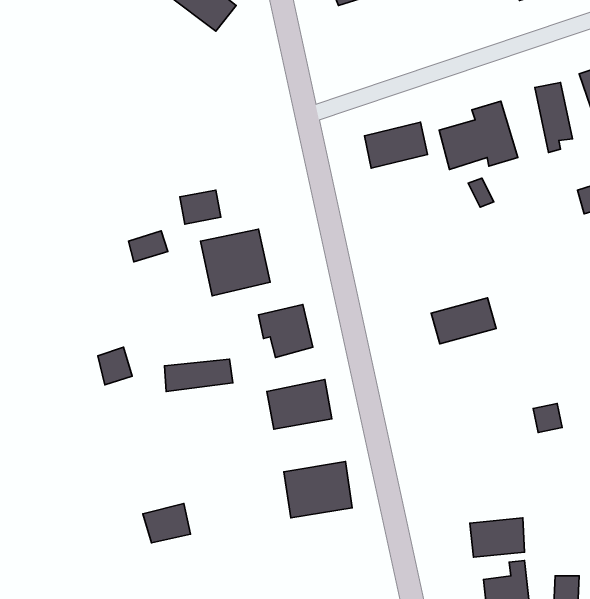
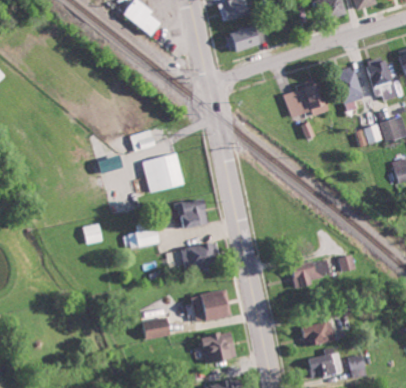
building: [364,122,427,168] -> [231,24,268,51]
building: [431,298,496,344] -> [291,258,329,285]
building: [143,504,191,543] -> [143,316,171,339]
building: none -> [200,331,236,364]

